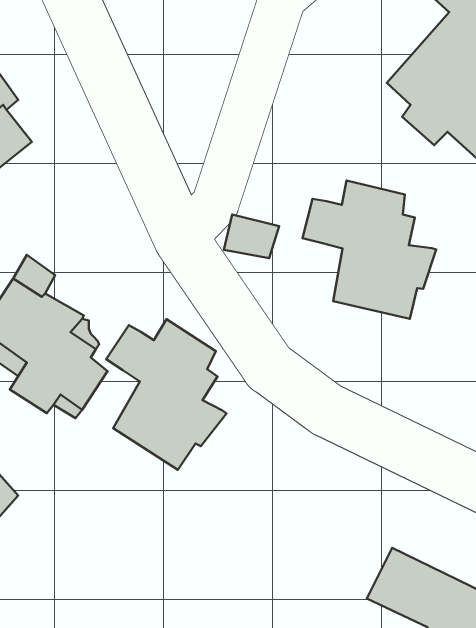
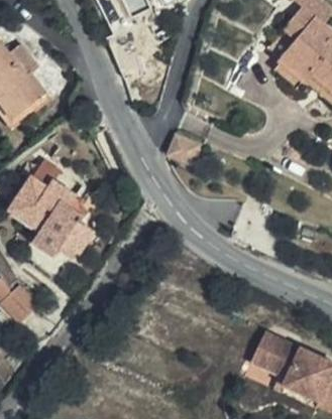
building: [303,181,436,319] -> none
building: [106,319,226,470] -> none

